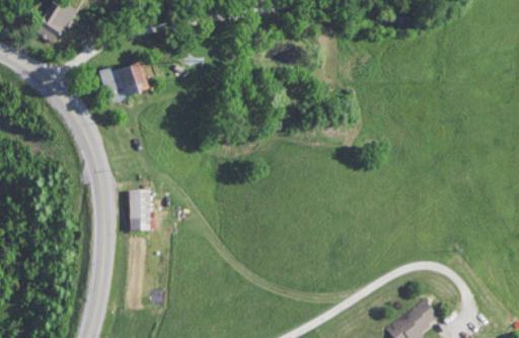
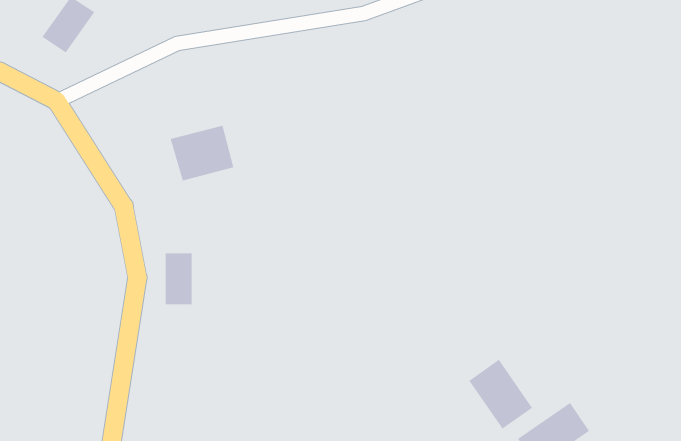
building: [99,60,147,102] -> [170,125,234,181]
building: none -> [469,359,533,430]

